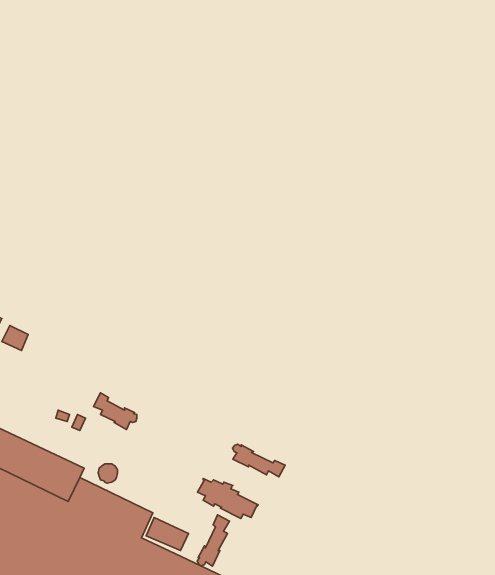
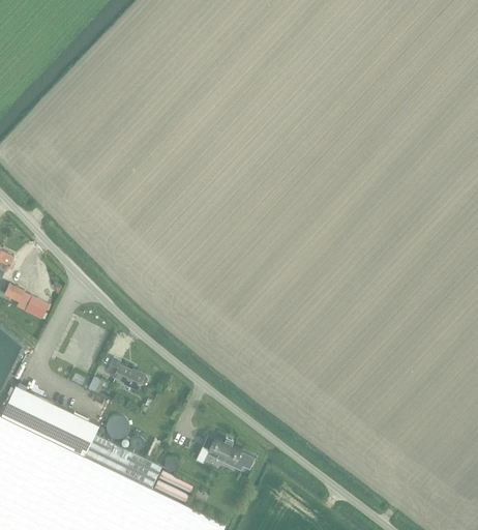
building: [232,444,285,477] -> none
building: [197,515,229,566] -> none

